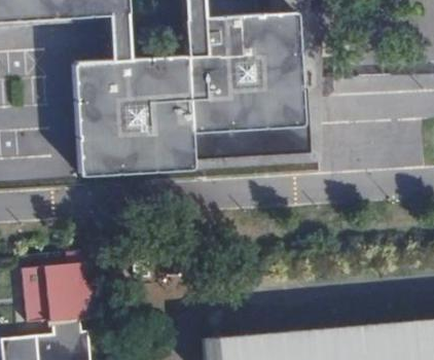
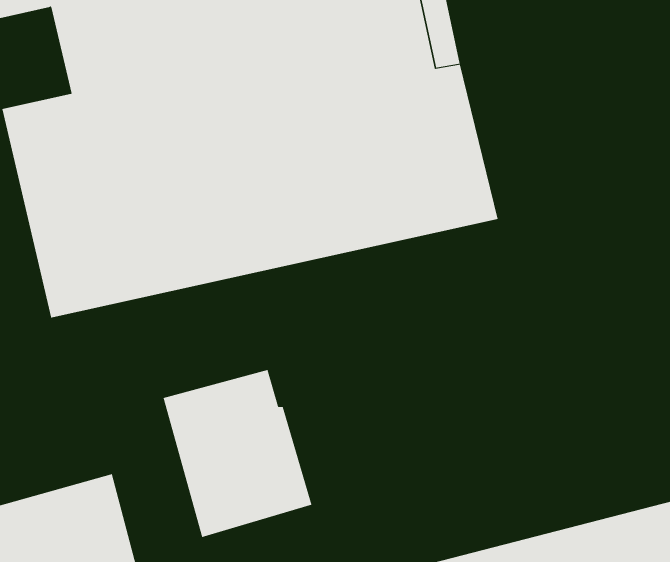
building: none -> [163,369,312,538]

